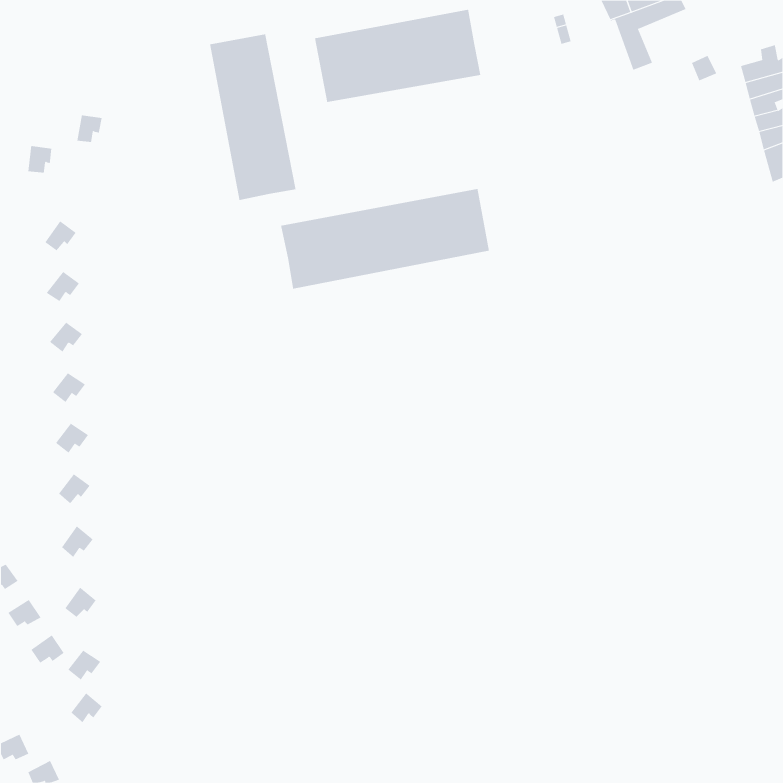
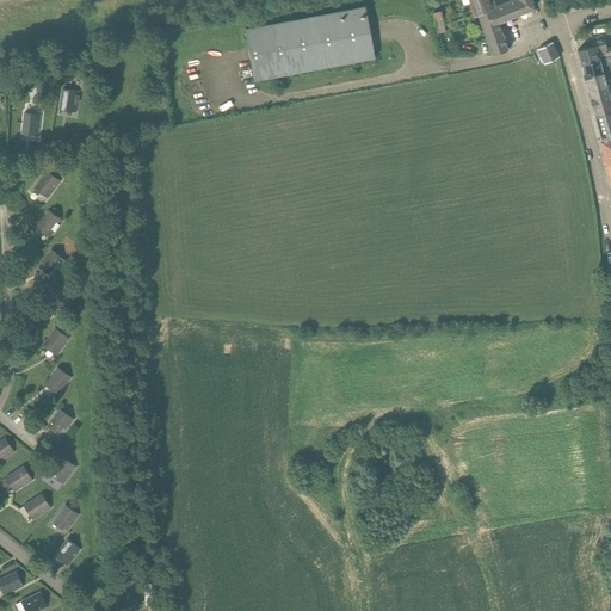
building: [210,34,296,201] -> none
building: [281,188,489,290] -> none

